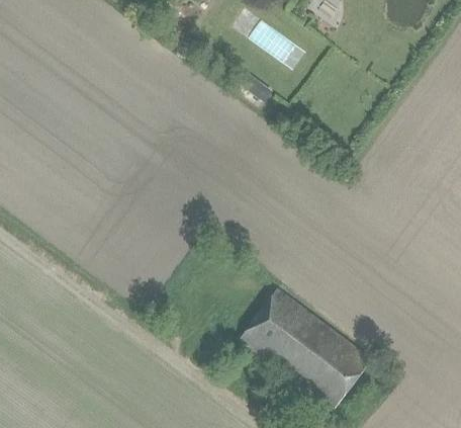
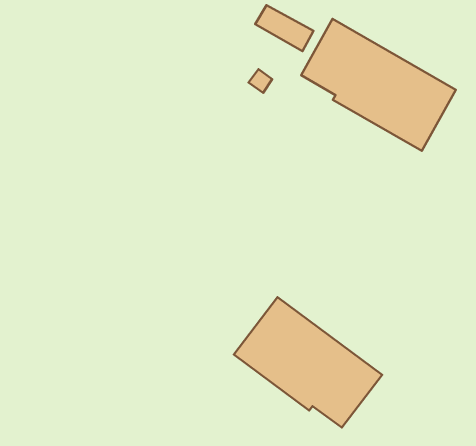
building: none -> [301,19,456,151]

